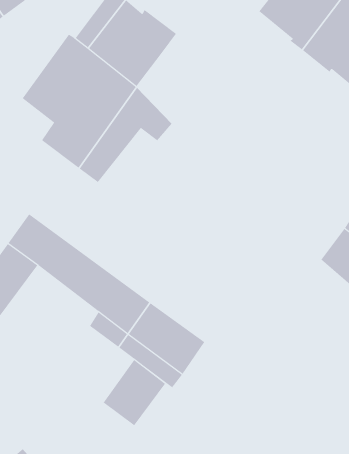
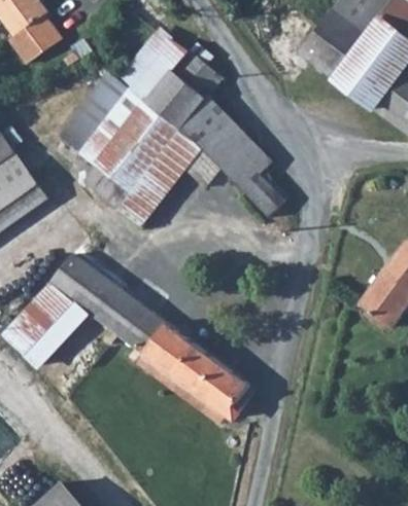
building: none -> [180,93,283,217]
building: [103,359,166,426] -> none

